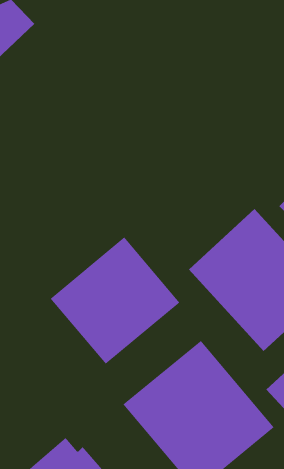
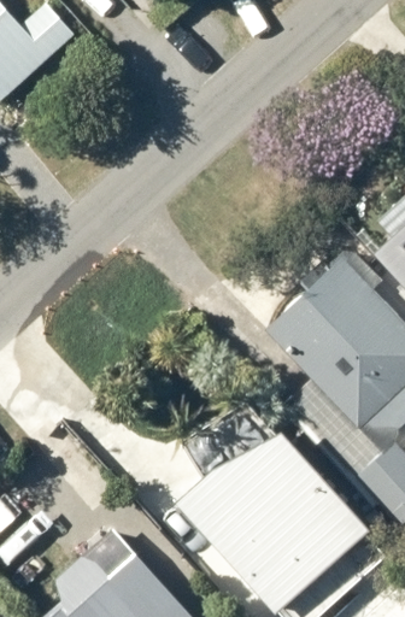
building: [50,236,180,365] -> none

